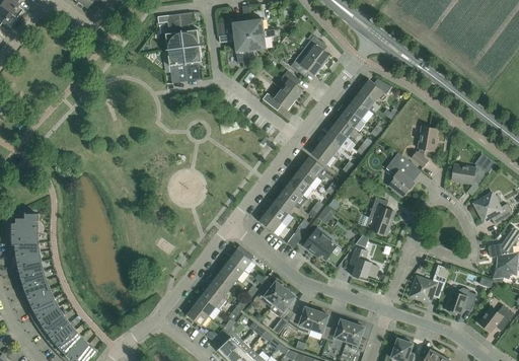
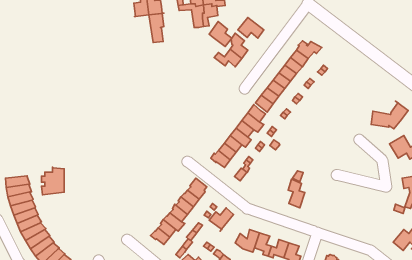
building: [303,34,330,65] -> [209,21,232,47]
building: [166,47,189,82] -> none
building: [412,126,437,166] -> none
building: [386,152,422,197] -> none
building: [365,197,395,235] -> none
building: [9,211,36,244] -> [42,167,64,195]
building: [303,227,342,259] -> none
building: [411,267,449,302] -> none
building: [445,287,476,314] -> none
building: [270,288,296,322] -> none

